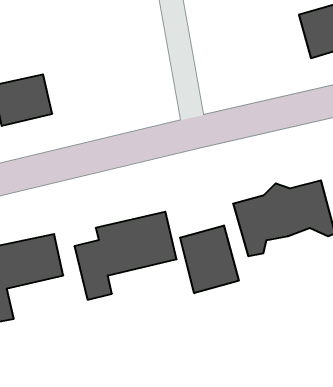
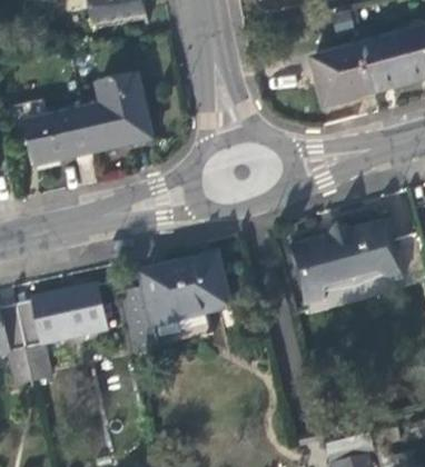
building: none -> [315,42,376,103]
building: none -> [81,69,154,151]
building: [180,225,239,293] -> none

